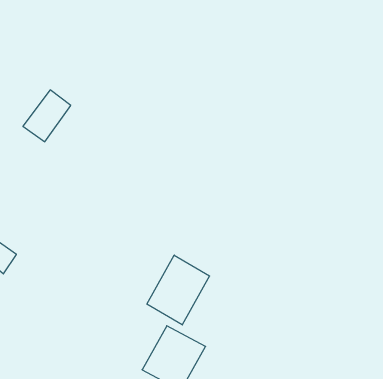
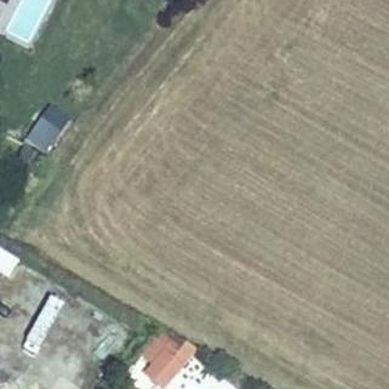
building: [147,255,210,325] -> none

